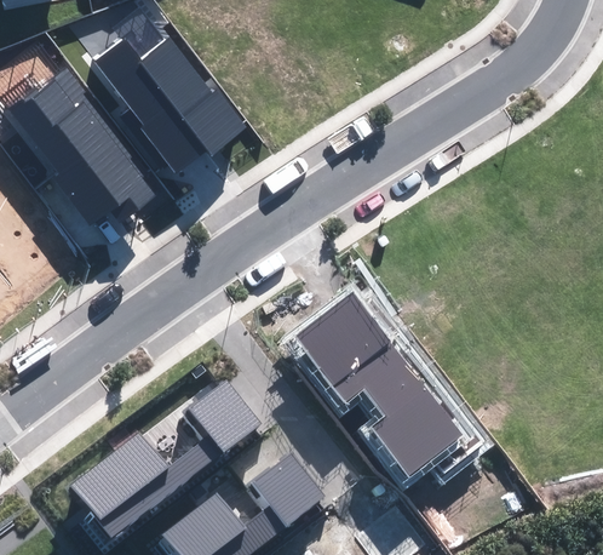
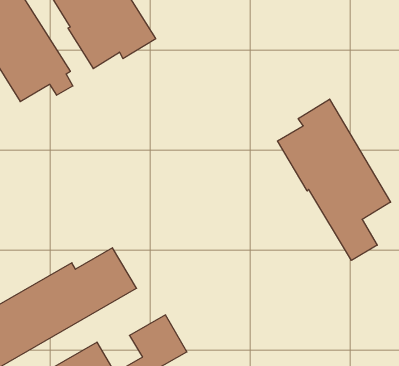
building: none -> [277,99,391,260]
building: [298,293,463,475] -> none

